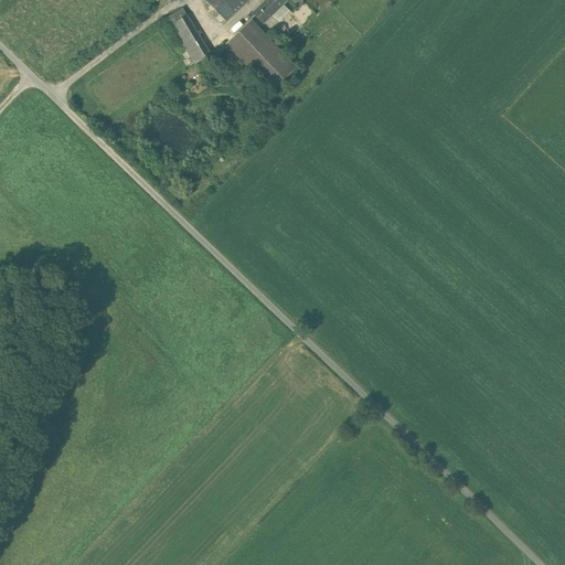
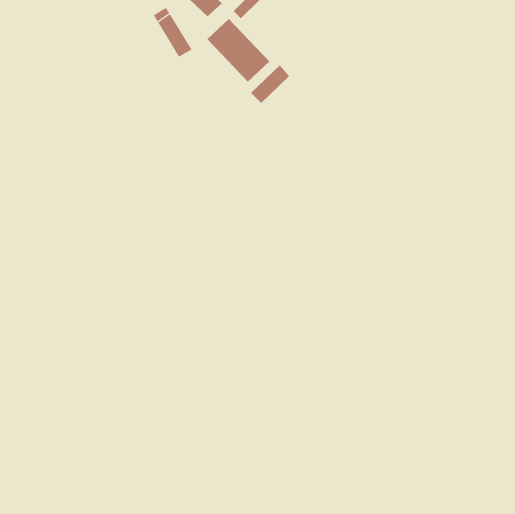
building: none -> [250,65,290,104]

